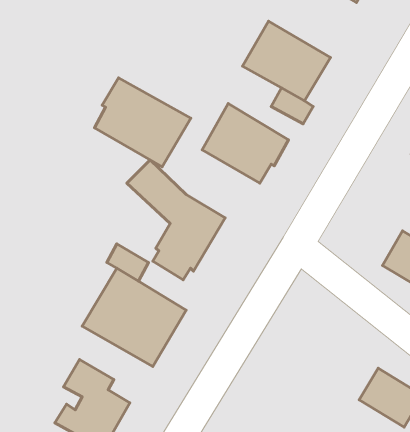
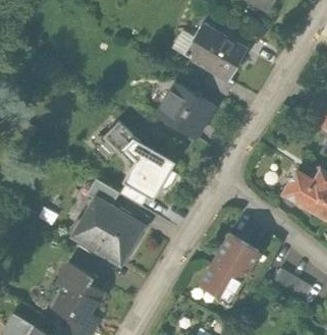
building: [94,78,191,167] -> none
building: none -> [200,233,259,299]

